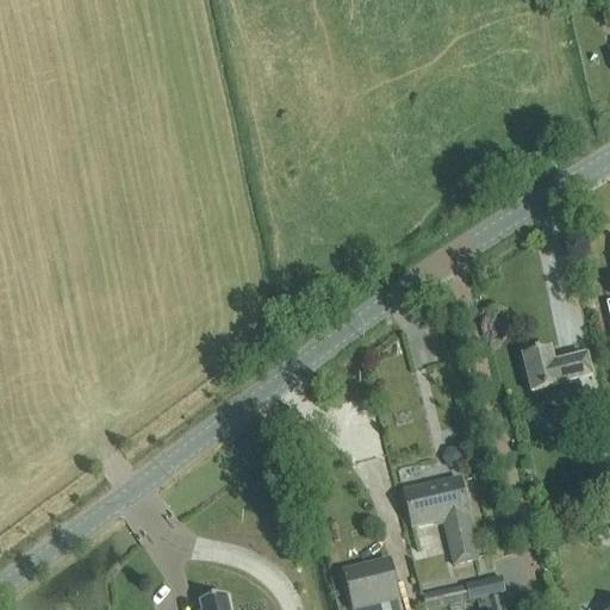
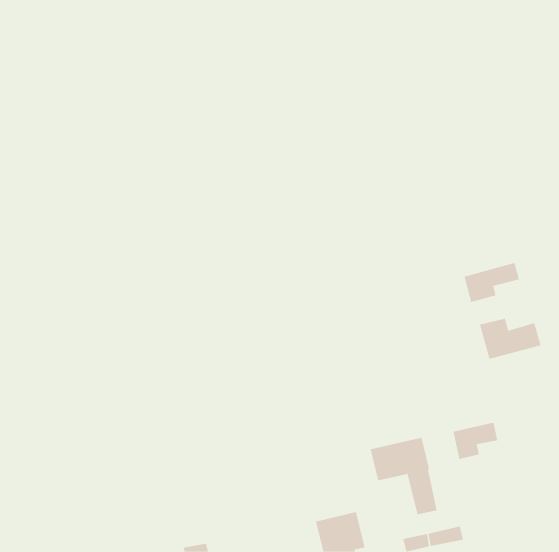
building: none -> [464,262,519,303]
building: none -> [453,422,498,460]

